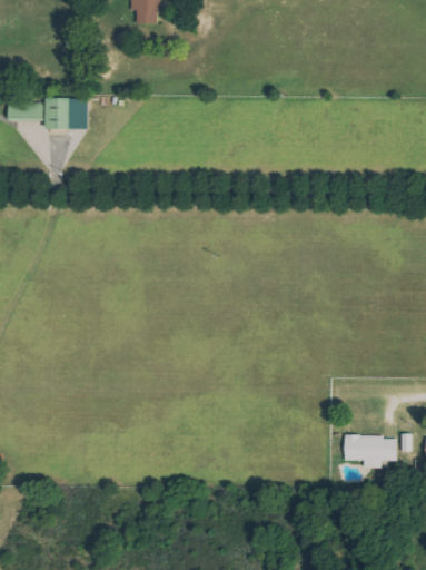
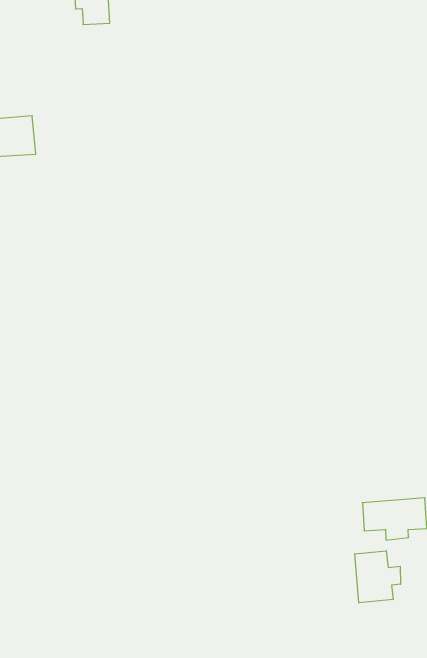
building: none -> [355,551,401,603]

